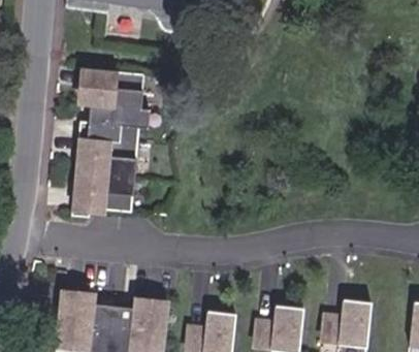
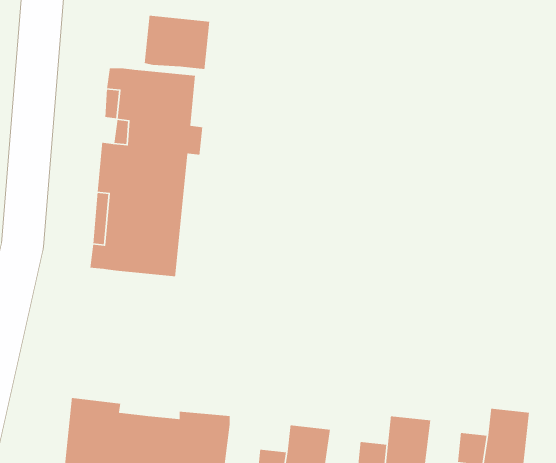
building: none -> [144,15,210,70]

